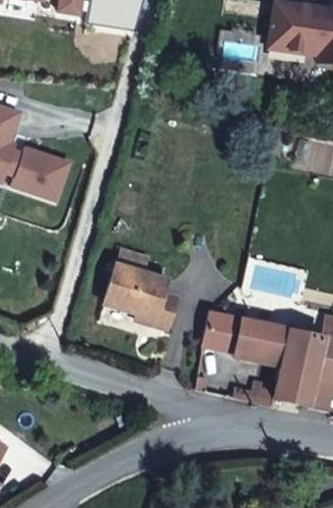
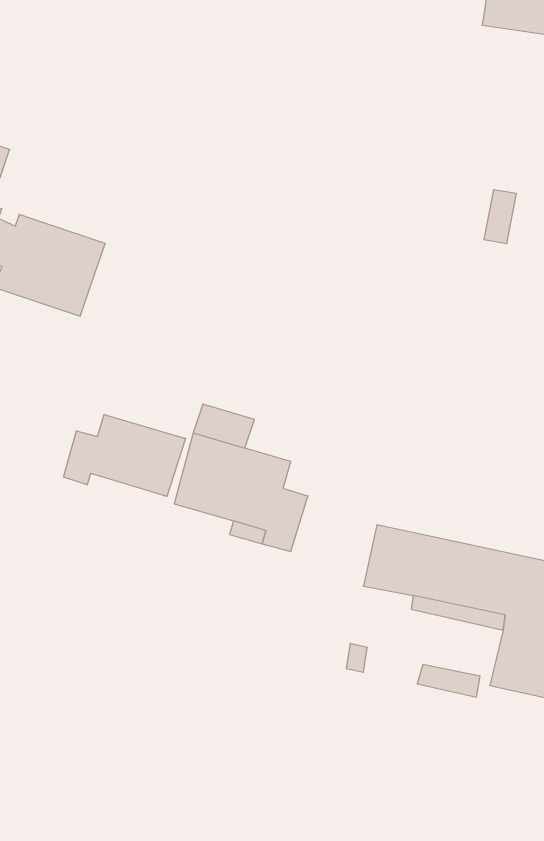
building: none -> [64,414,185,496]

